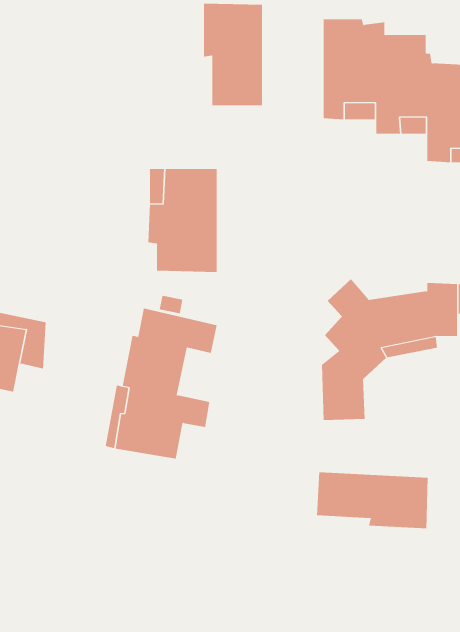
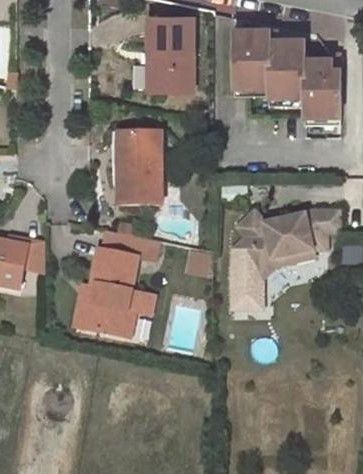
building: [316,471,428,529] -> none

